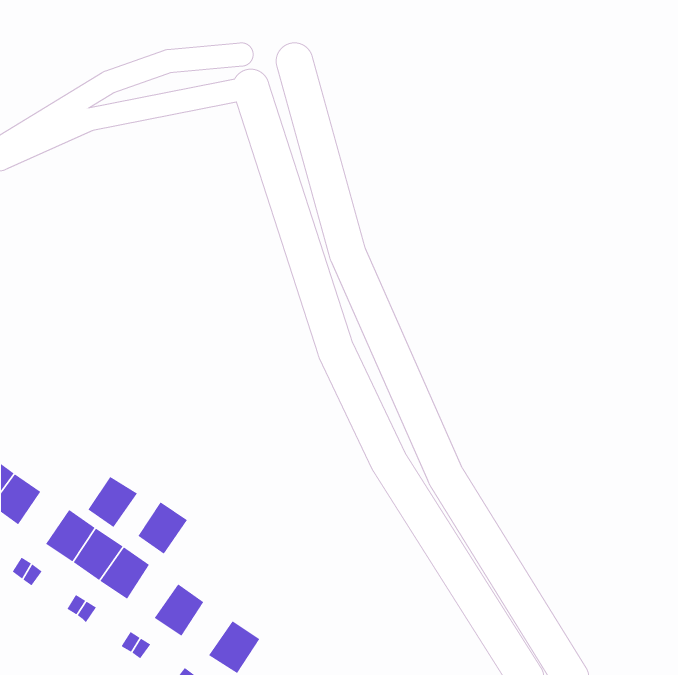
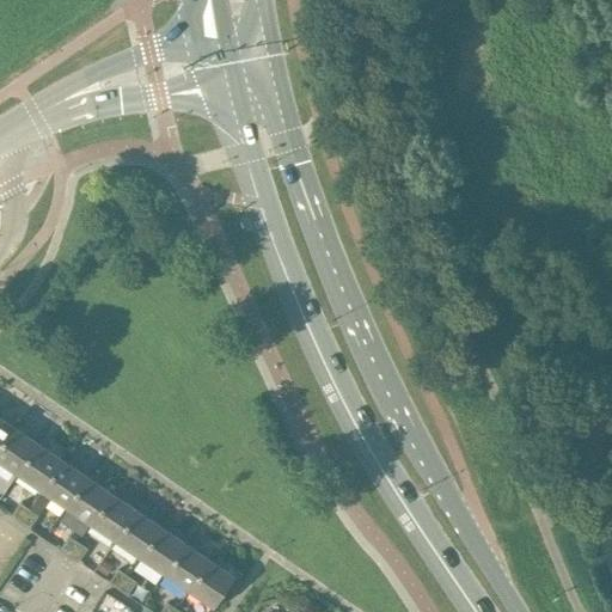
building: [87,476,138,528] -> [17,446,62,492]
building: [138,501,188,555] -> [115,512,160,559]
building: none -> [164,545,209,593]

